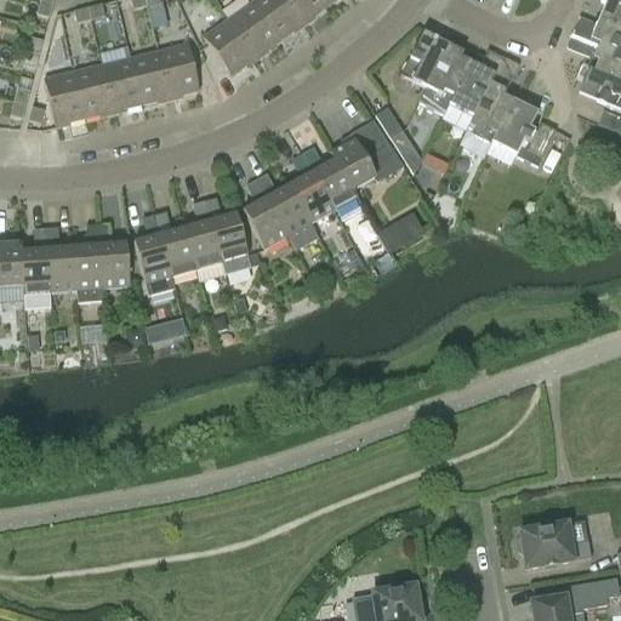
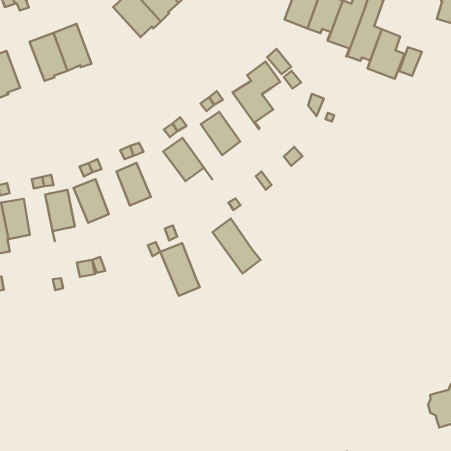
building: [159,42,199,98] -> none
building: [74,64,114,116] -> none
building: [313,150,363,221] -> none
building: [267,183,319,249] -> [213,219,261,273]
building: [210,212,251,273] -> [160,243,200,296]
building: [160,227,196,275] -> none
building: [74,244,104,302] -> none

